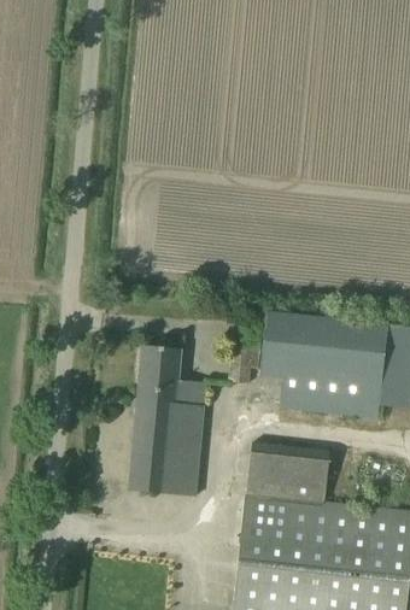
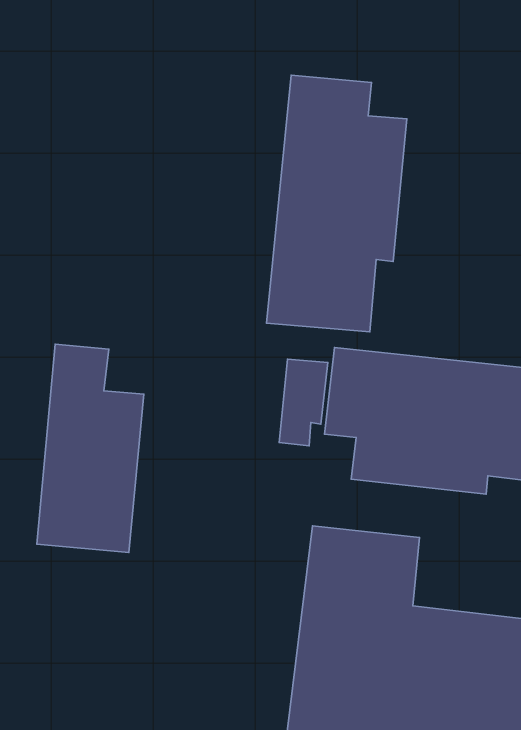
building: none -> [266,75,407,332]
building: [129,346,206,497] -> [37,344,144,552]

